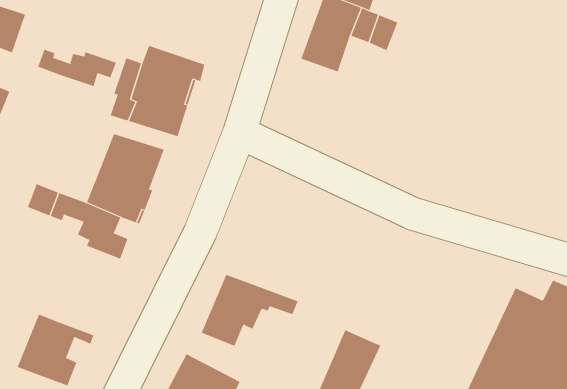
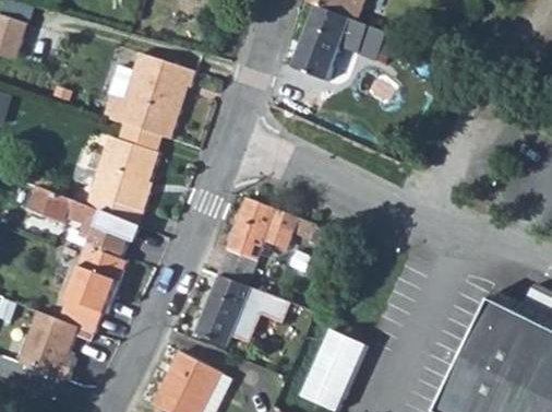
building: [37,49,116,87] -> none
building: none -> [216,196,333,285]
building: none -> [56,247,122,333]

